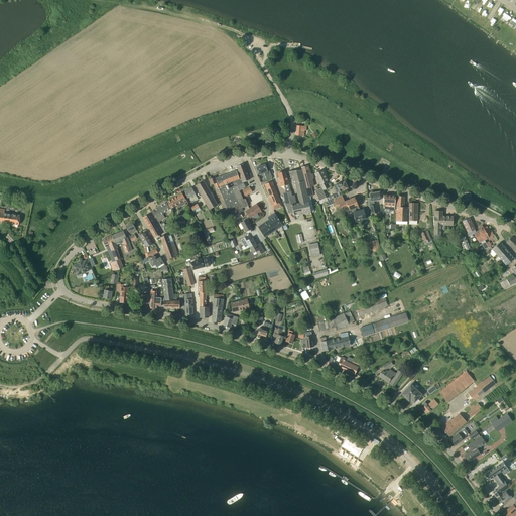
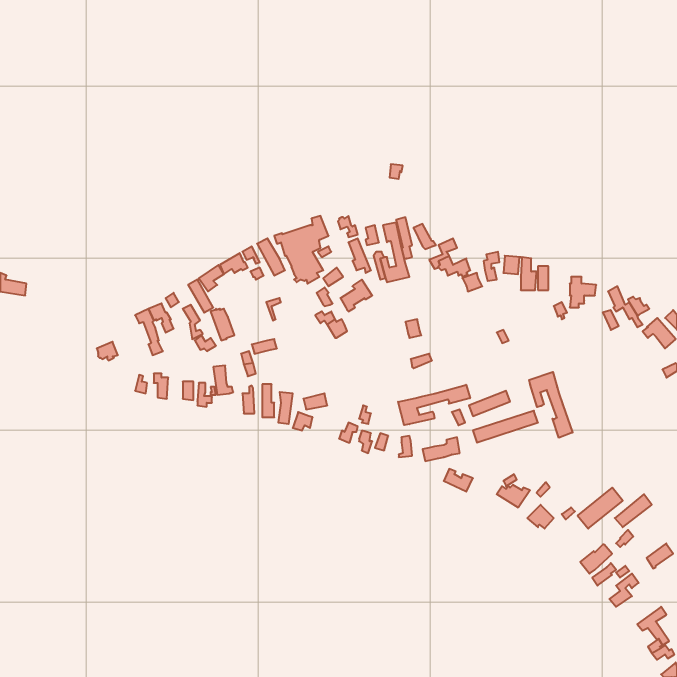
building: none -> [529,372,573,438]
building: none -> [398,385,470,425]

